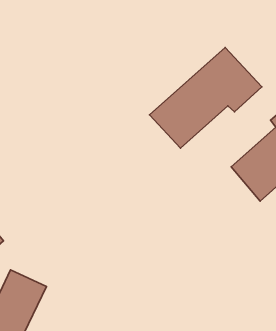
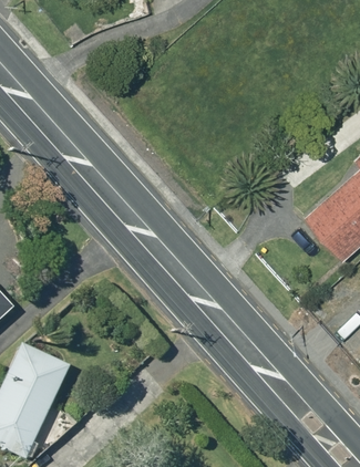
building: [149,47,262,148] -> none

